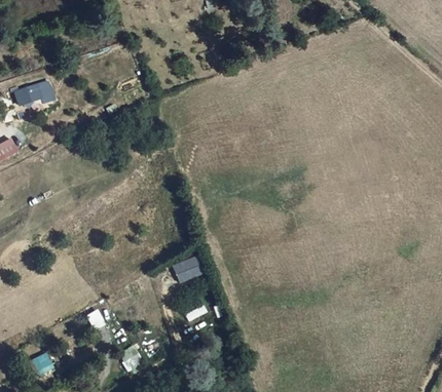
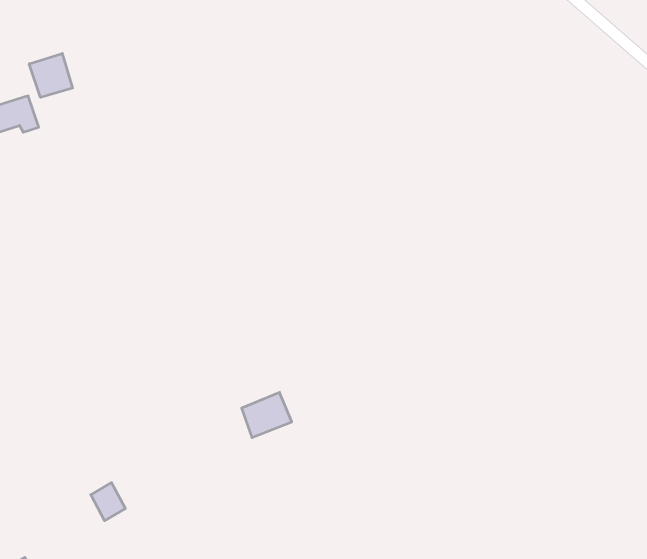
building: none -> [29,53,73,97]

